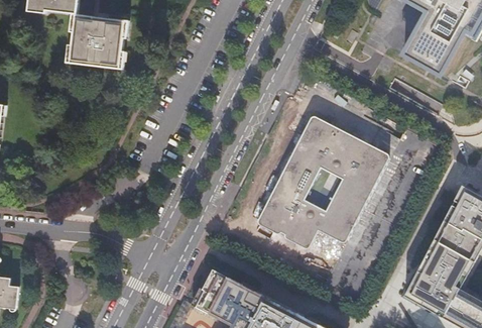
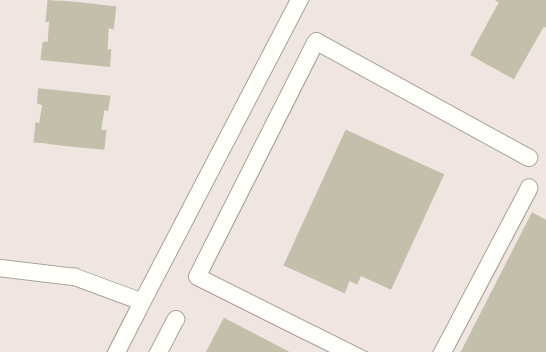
building: none -> [33,87,111,151]

